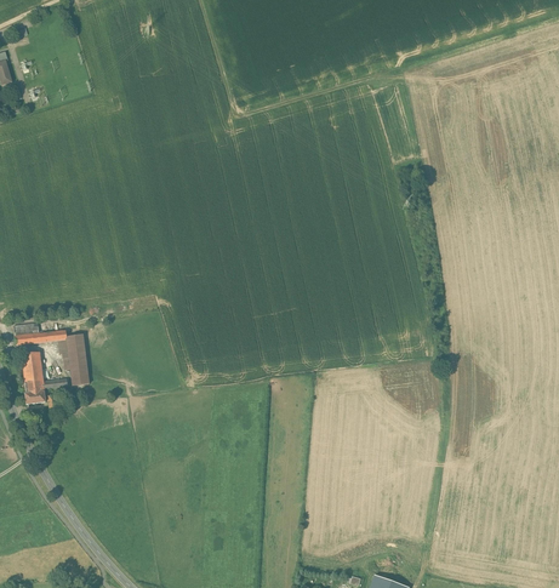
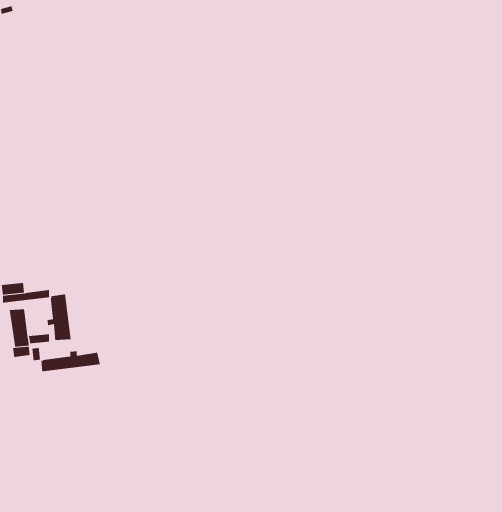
building: none -> [41,351,100,372]

